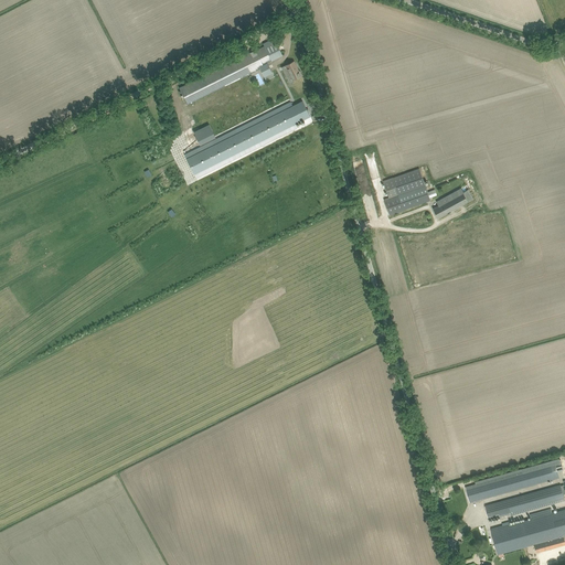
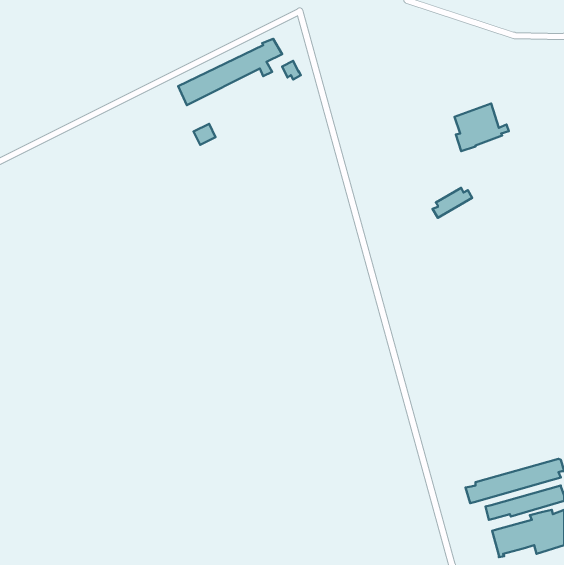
building: [184,100,309,178] -> none
building: [382,168,436,215] -> [455,104,509,151]

